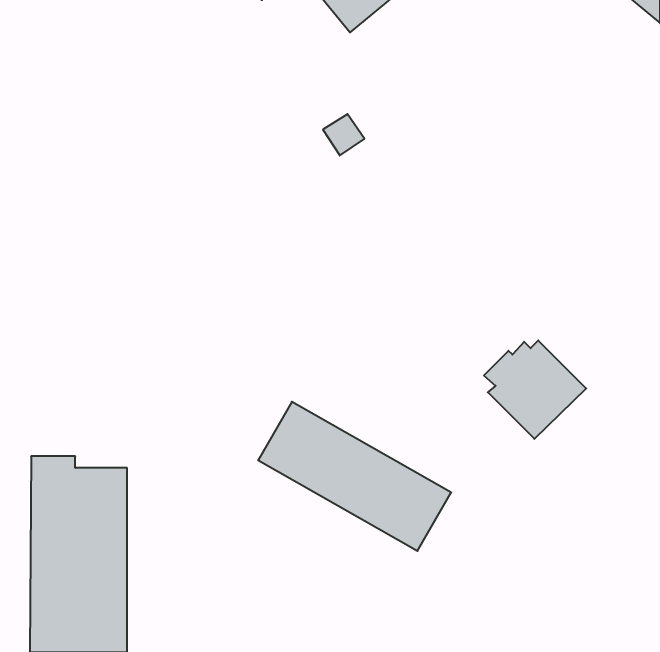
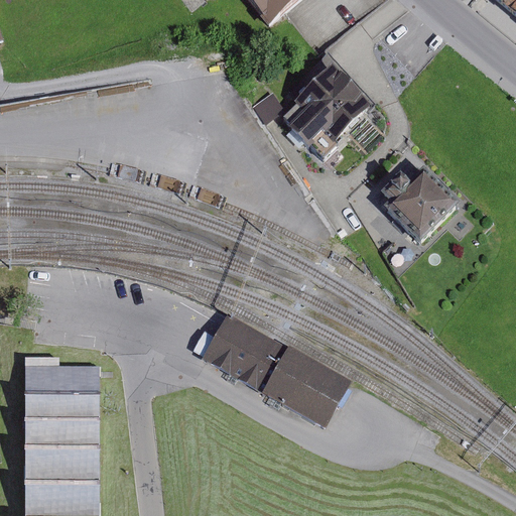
building: none -> [281,49,376,158]
building: [484,340,586,439] -> [380,167,460,244]

